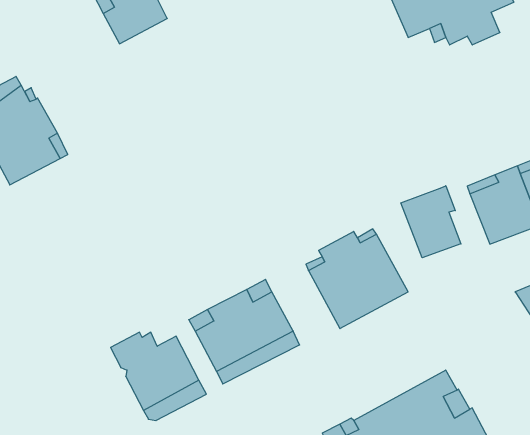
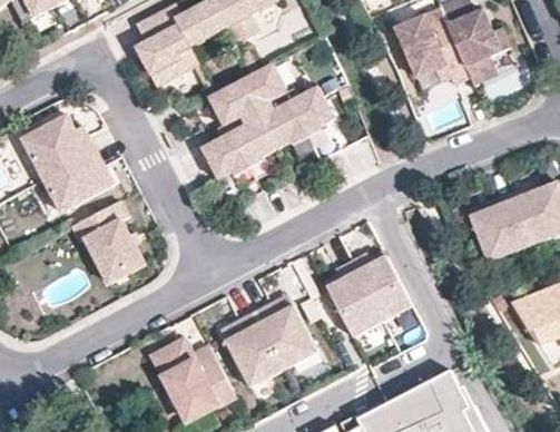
building: none -> [209,61,288,125]
building: none -> [200,84,336,178]
building: none -> [71,199,145,282]
building: [401,186,461,258] -> none

